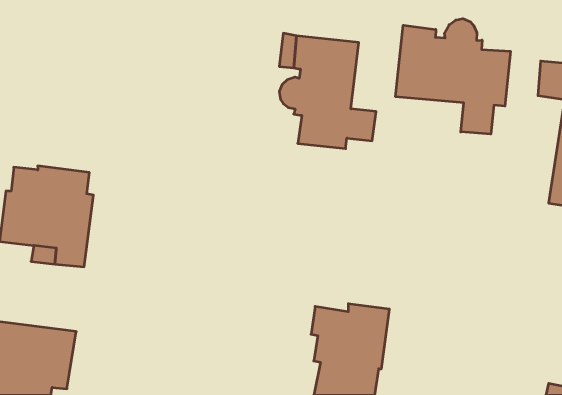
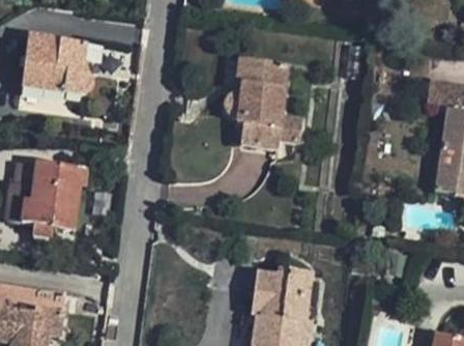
building: none -> [23,35,93,94]
building: [396,19,510,134] -> none

